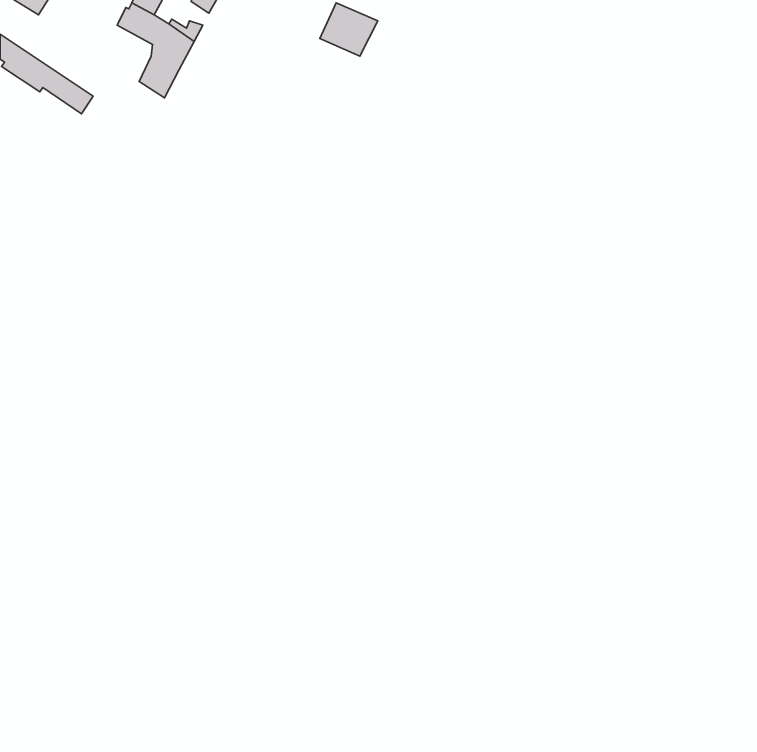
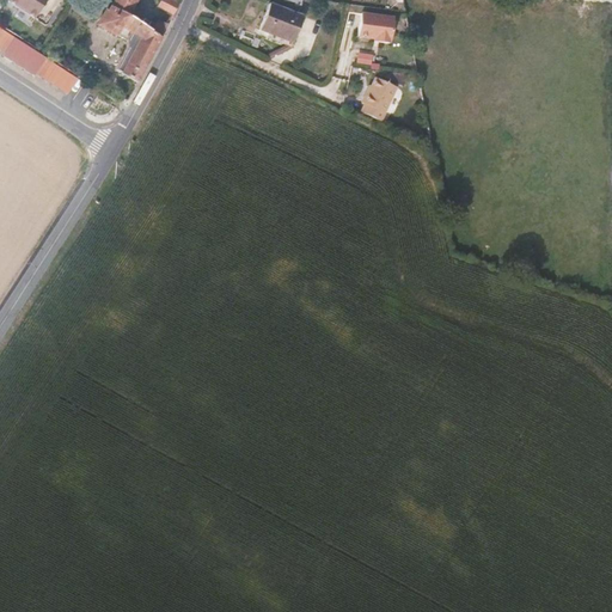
building: none -> [362,13,398,42]
building: none -> [367,75,400,120]

